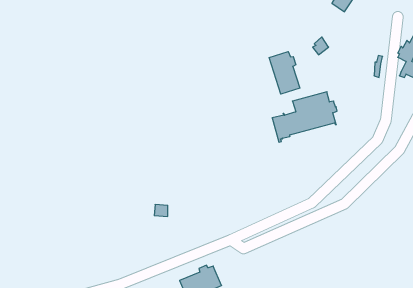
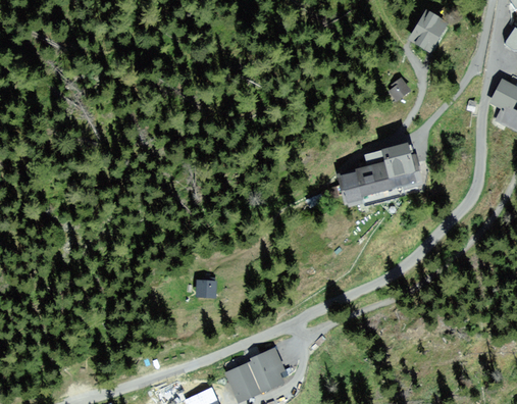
building: [269,52,300,94] -> none

